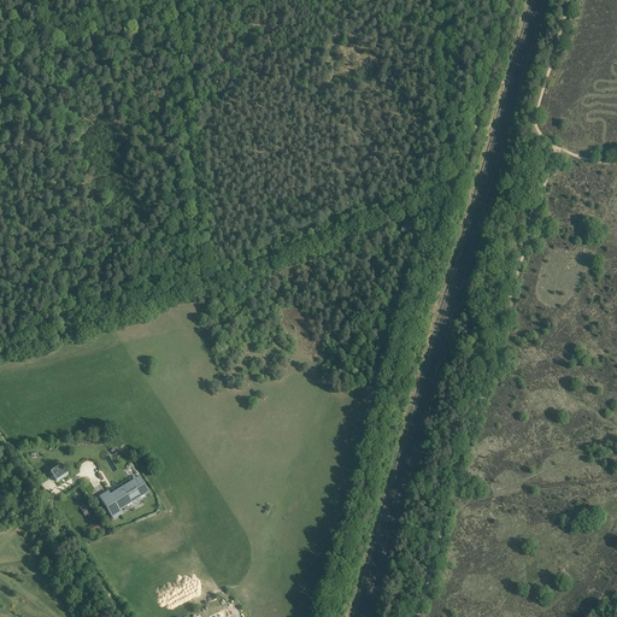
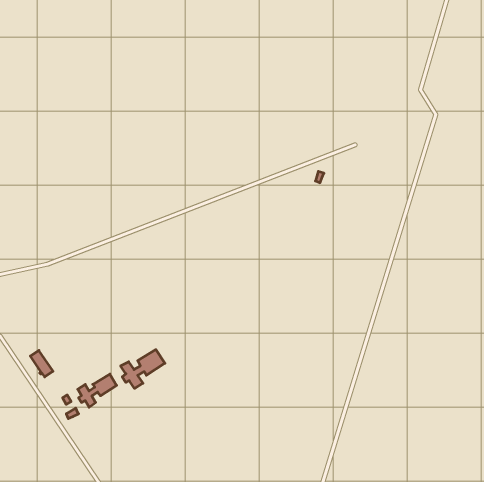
building: none -> [121,350,165,388]

